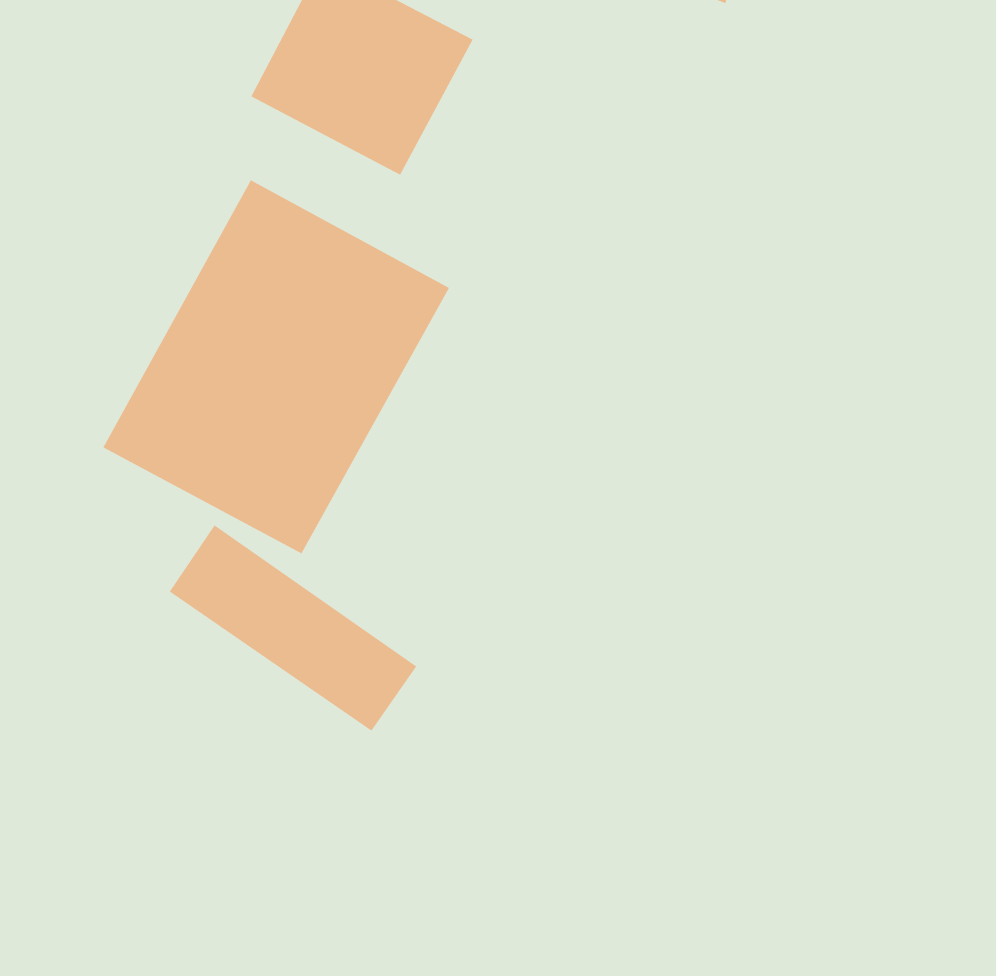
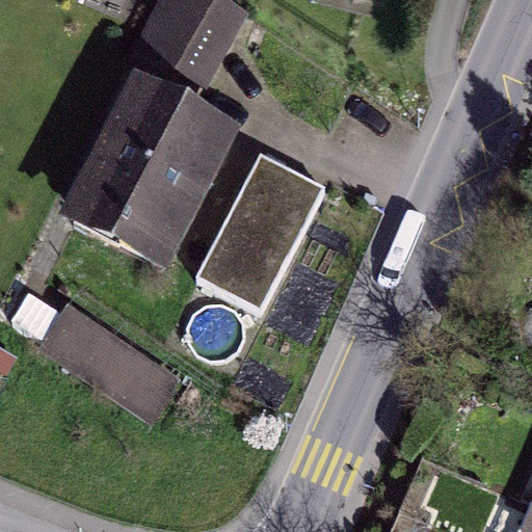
building: none -> [191,164,317,317]
building: [169,524,417,732] -> [38,309,169,418]

